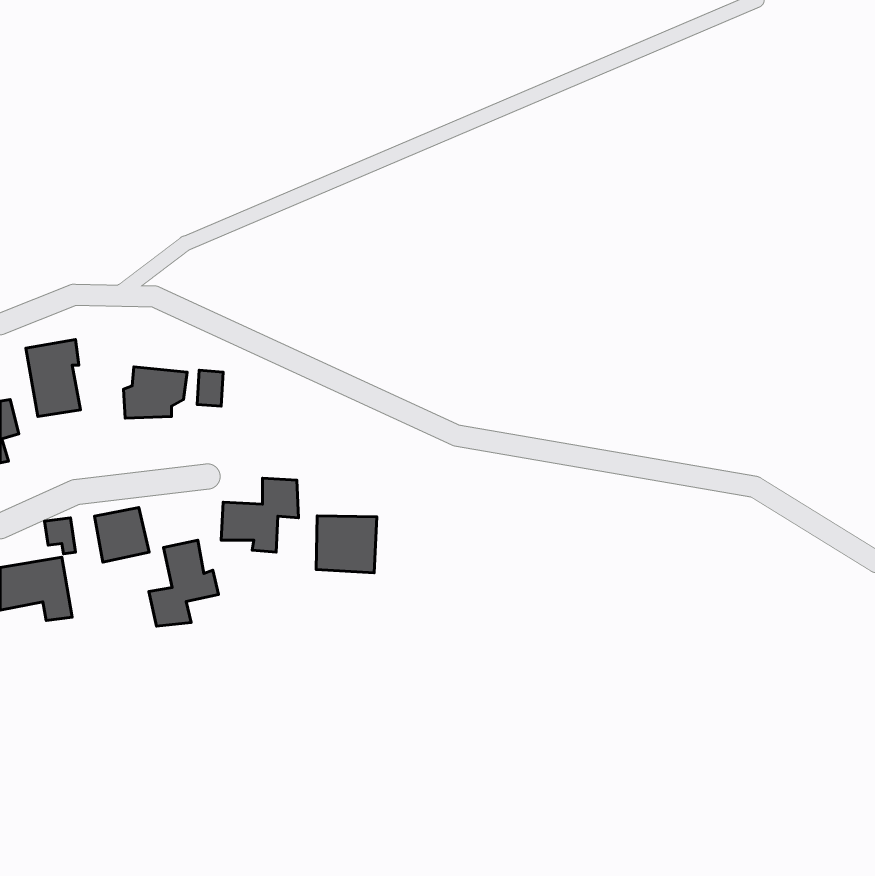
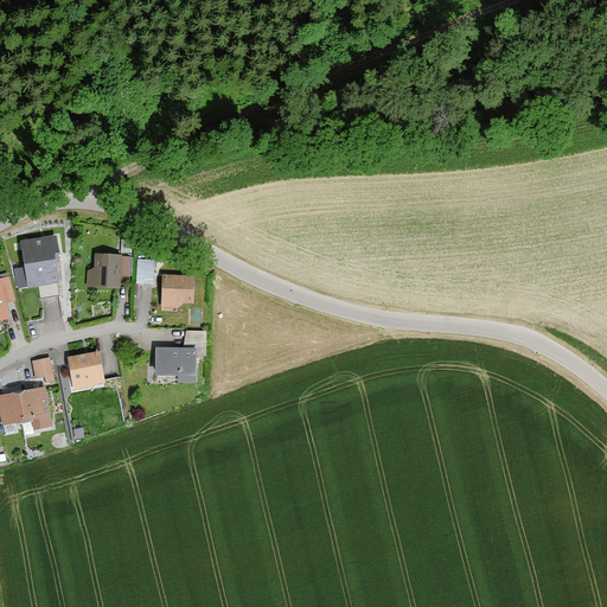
building: none -> [161,277,191,311]
building: [316,516,377,573] -> none
building: [149,540,219,626] -> none

